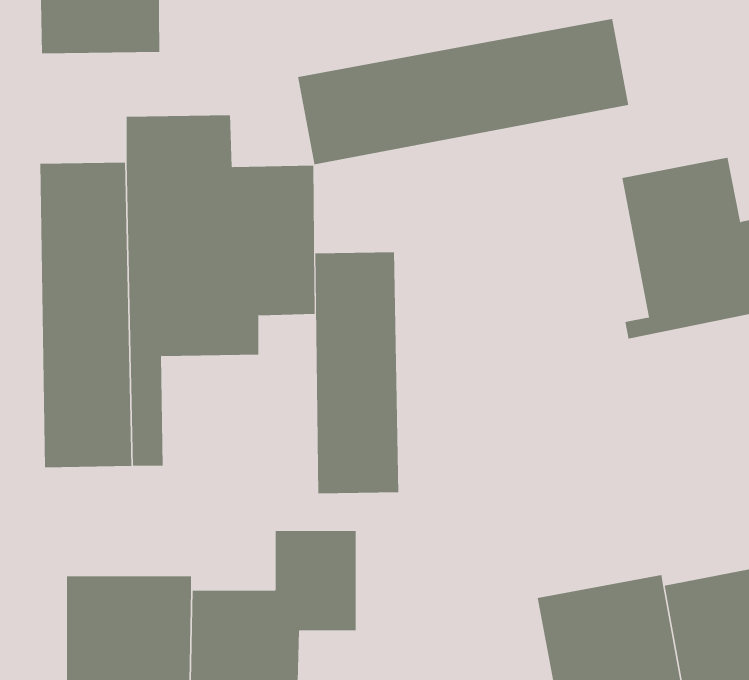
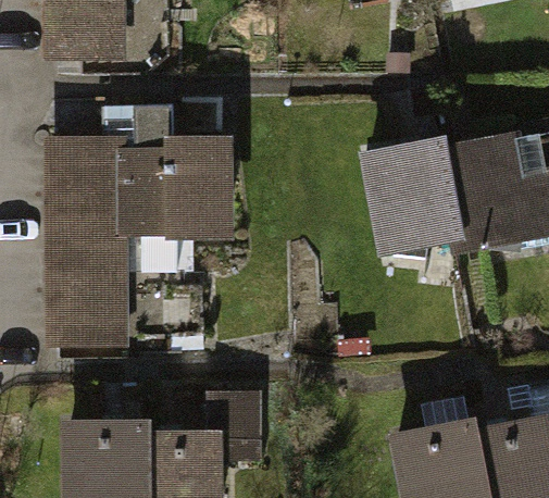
building: [297,18,629,165] -> none
building: none -> [359,137,465,258]
building: [315,252,399,494] -> none

